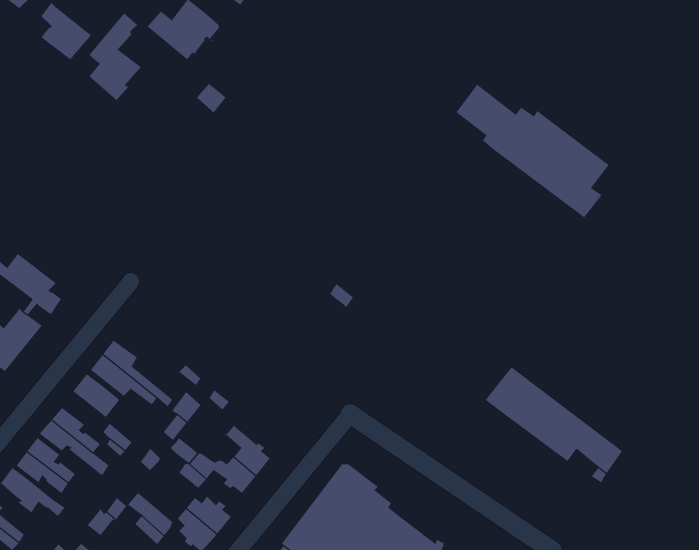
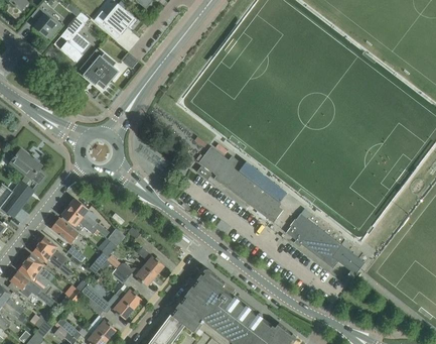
building: none -> [79,49,118,90]
building: [455,84,609,218] -> [198,146,286,223]

